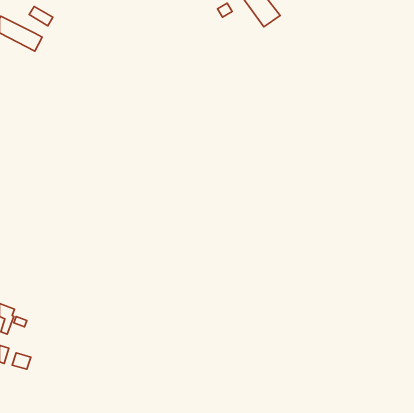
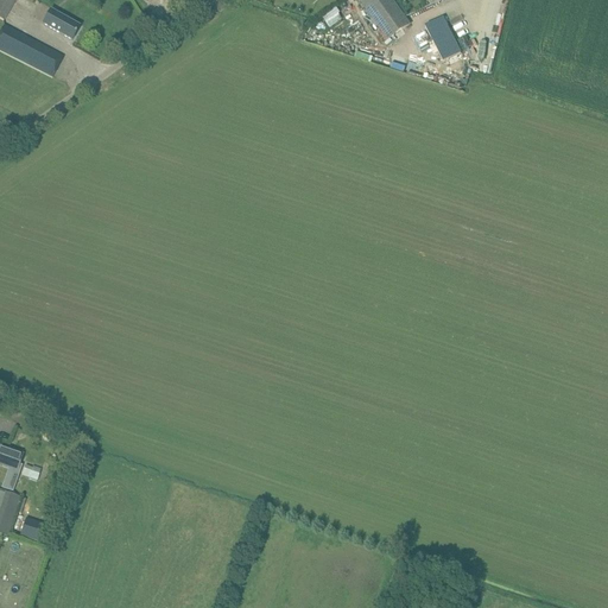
building: none -> [424,15,460,61]

